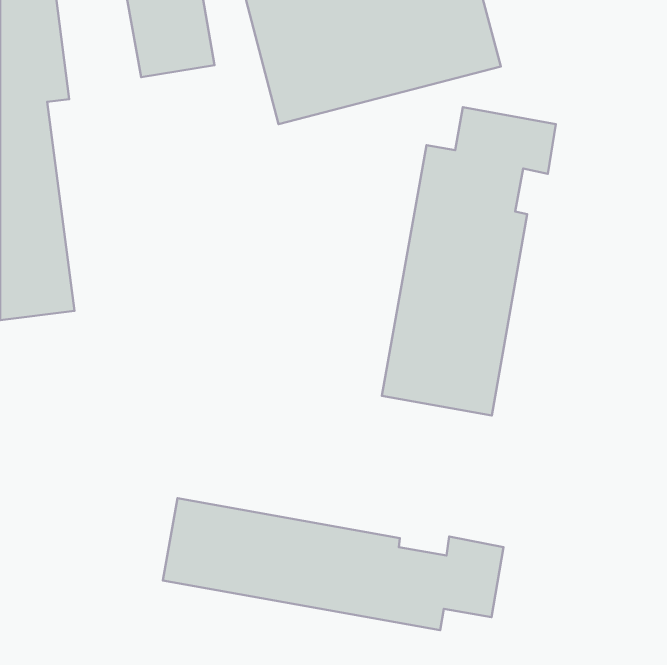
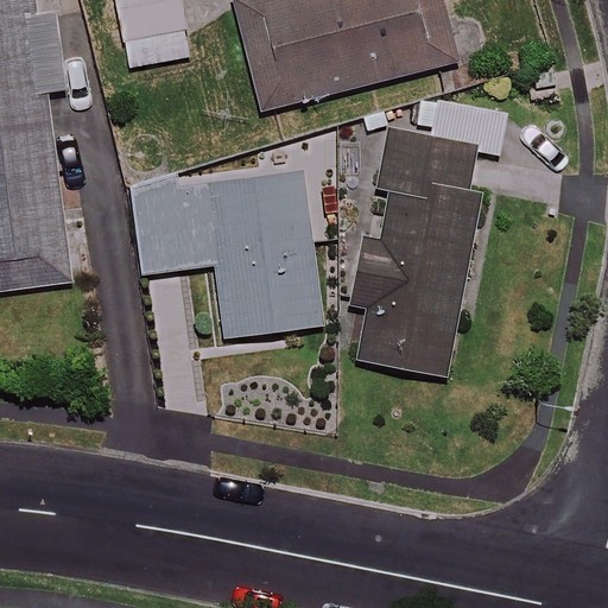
building: none -> [129,133,342,336]
building: [163,498,504,630] -> none

